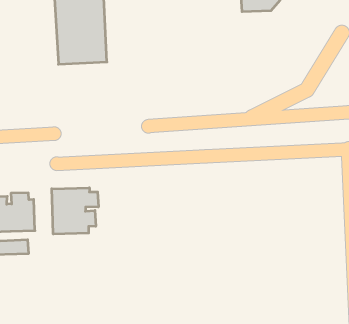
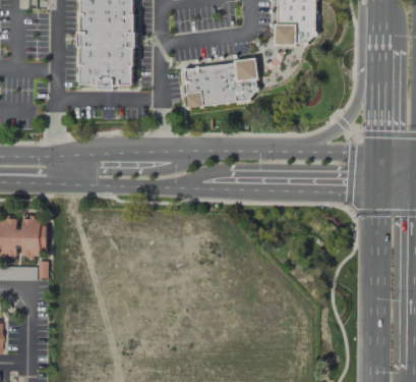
building: none -> [184,59,258,109]
building: [52,188,98,234] -> none

